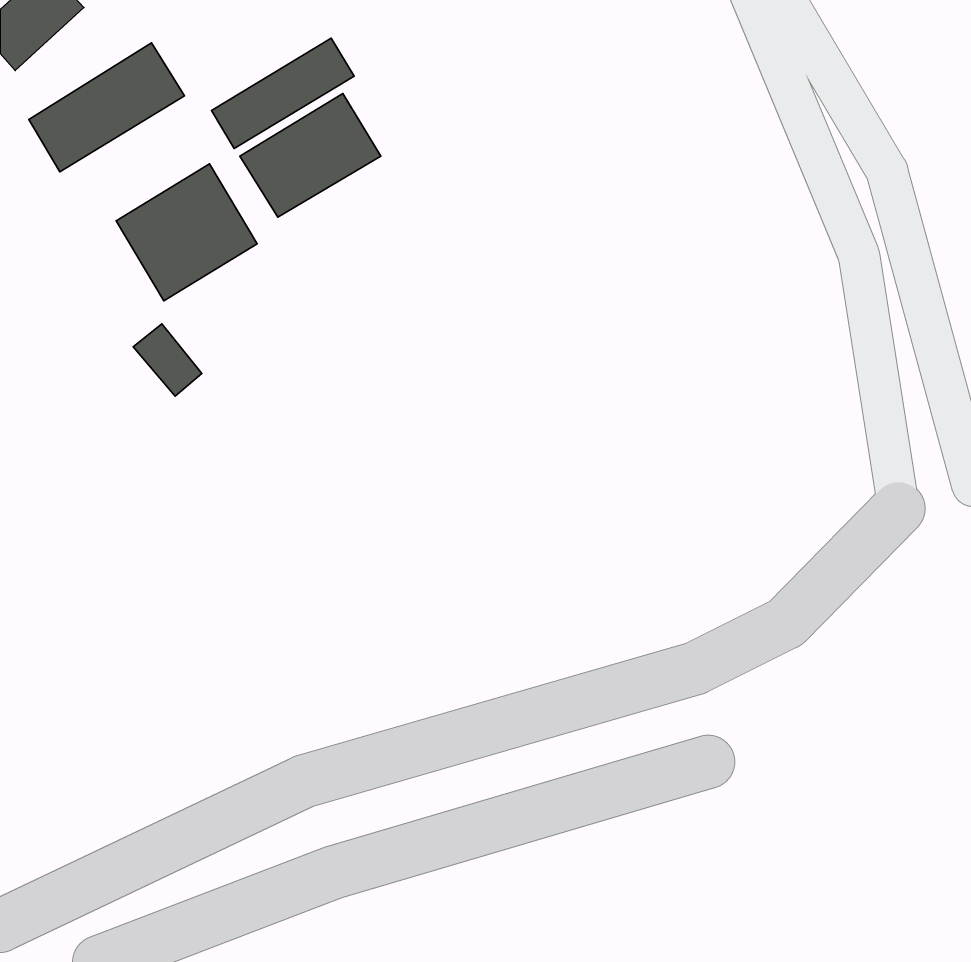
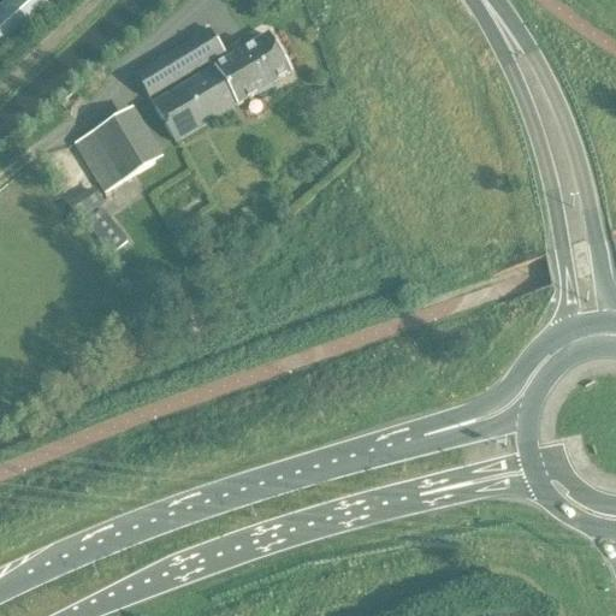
building: [29,43,184,172] -> none
building: none -> [218,29,291,99]

